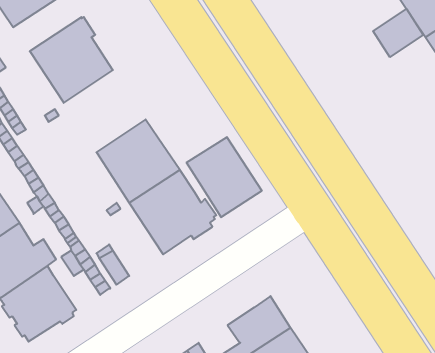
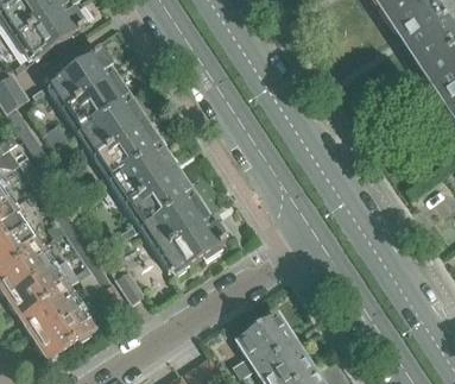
building: [373,9,423,57] -> none
building: none -> [82,100,159,177]
building: [187,137,262,217] -> none

